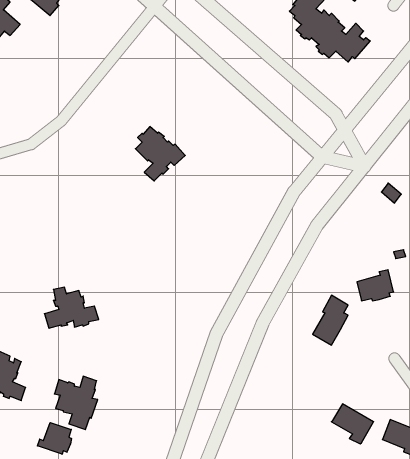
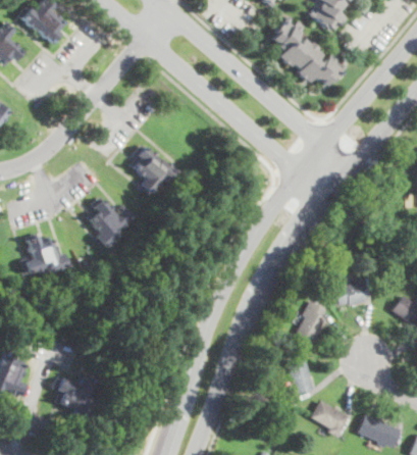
building: none -> [88,198,135,248]
building: [44,287,99,328] -> [20,236,70,273]
building: none -> [286,359,314,396]
building: [37,423,71,454] -> none

